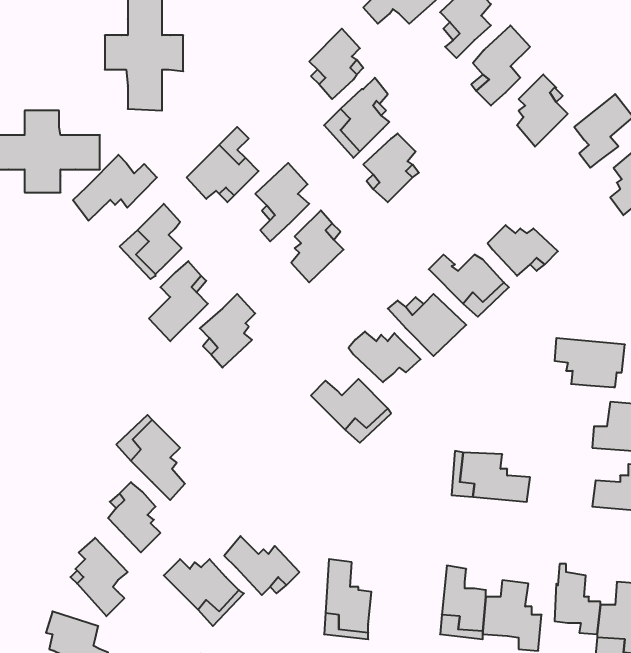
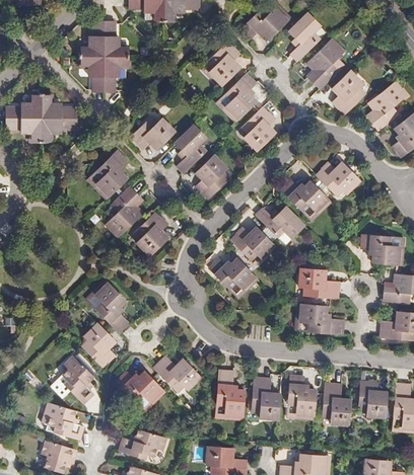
building: [73,155,157,221] -> none
building: none -> [297,267,338,298]
building: none -> [243,377,279,420]

